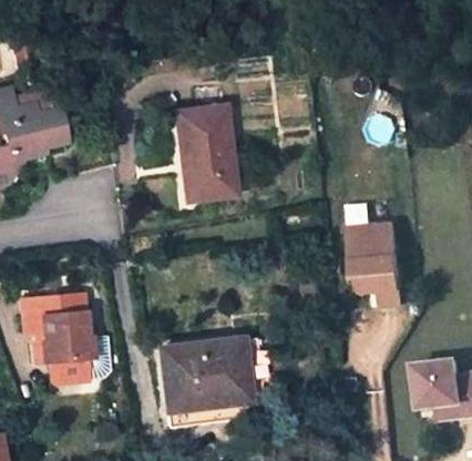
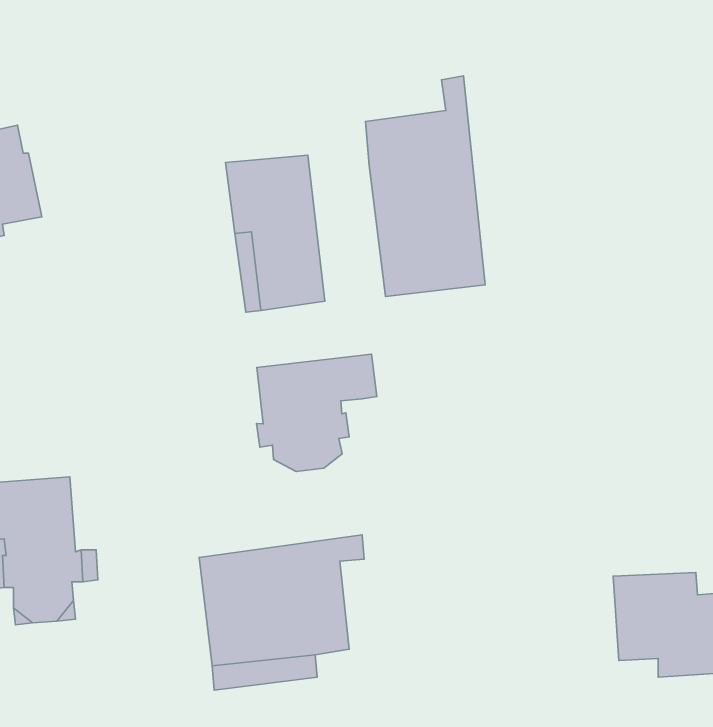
building: none -> [366,76,485,296]
building: [343,202,397,306] -> none
building: none -> [257,354,377,471]

